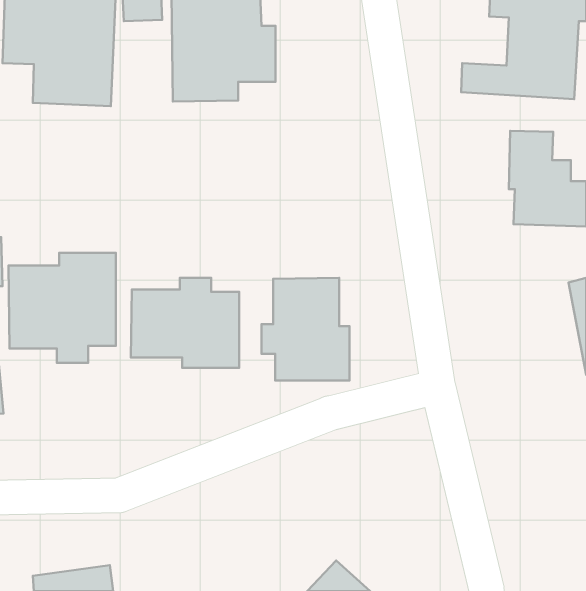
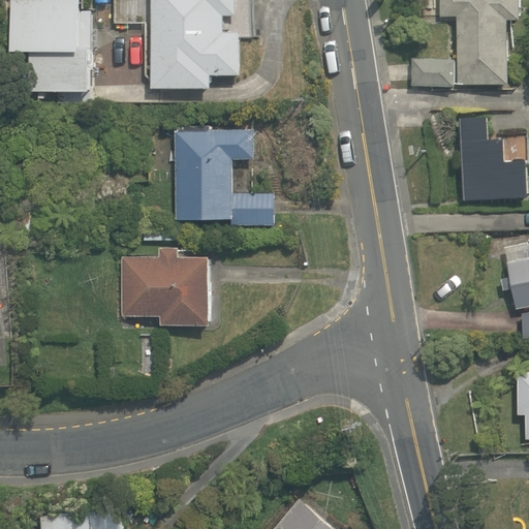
building: none -> [174,124,273,219]
building: [8,253,116,363] -> none
building: [262,278,349,380] -> none

